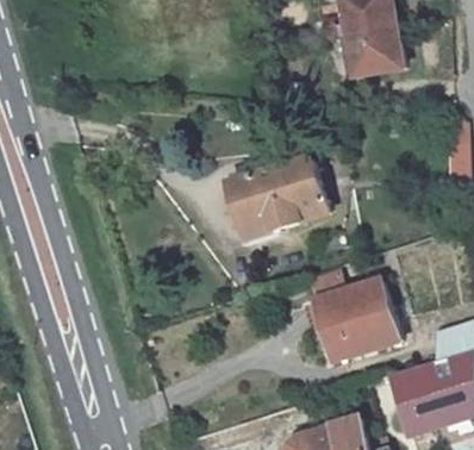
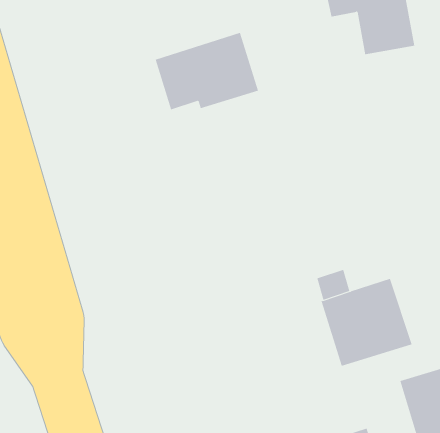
building: [232,158,328,230] -> [155,32,259,110]

